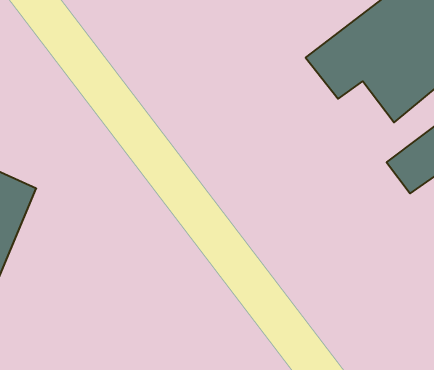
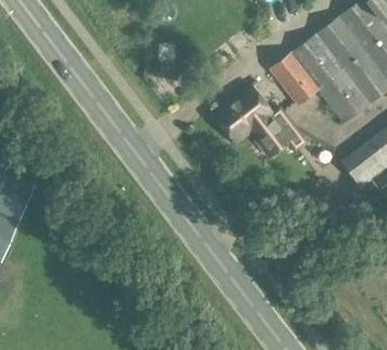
building: none -> [212,87,308,160]

